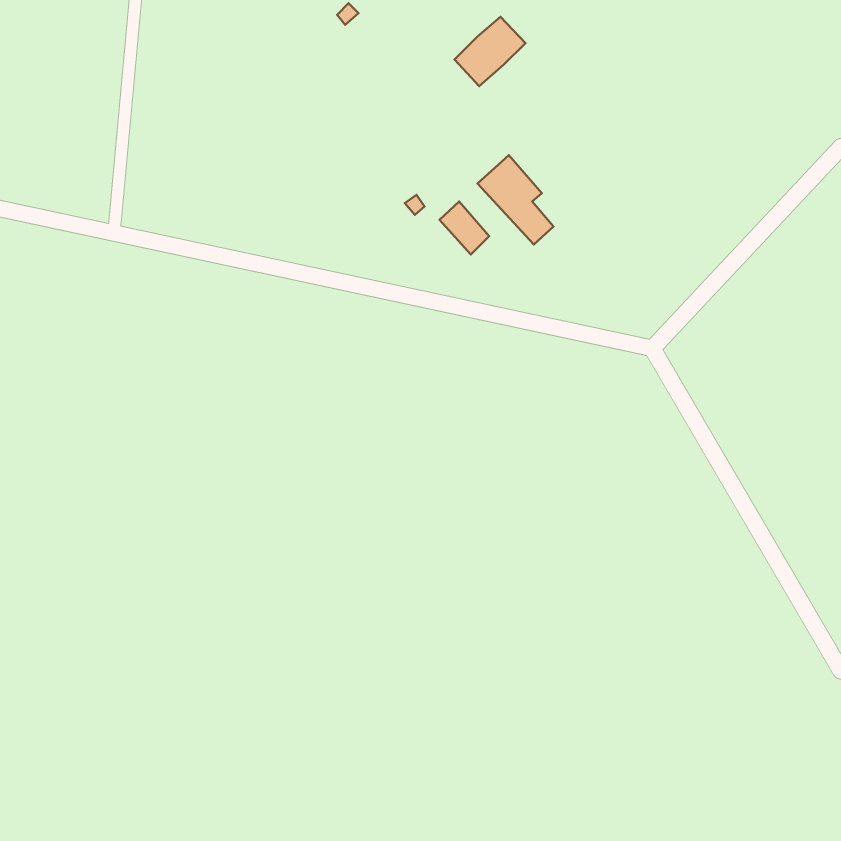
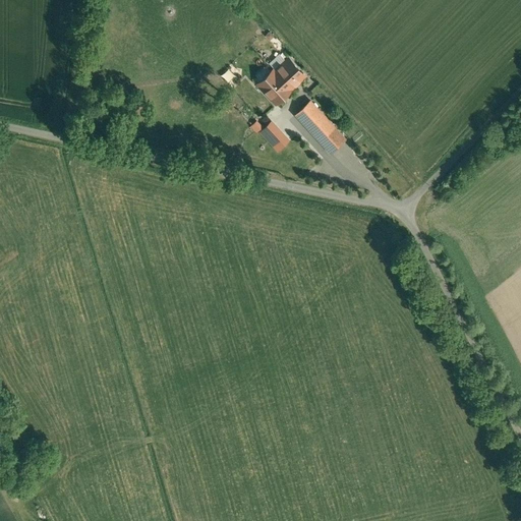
building: [454,17,525,86] -> [257,61,301,104]

